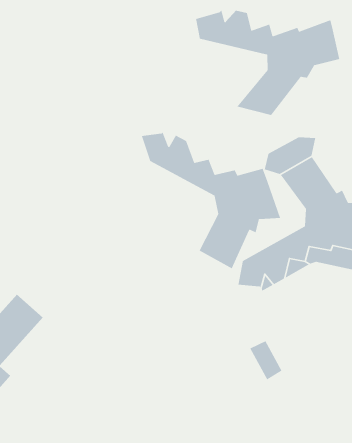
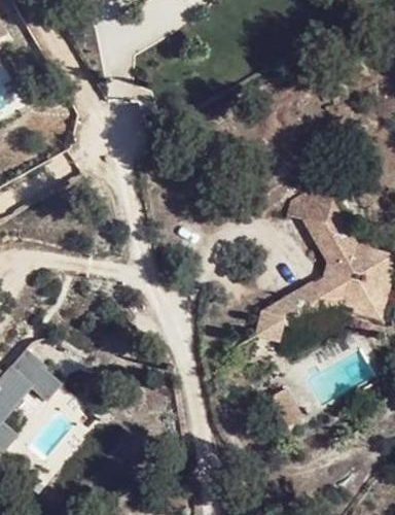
building: [195,9,340,116] -> none
building: [141,131,281,270] -> none

